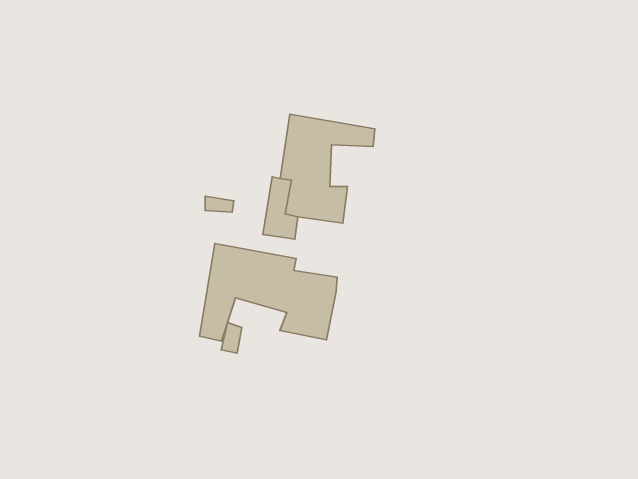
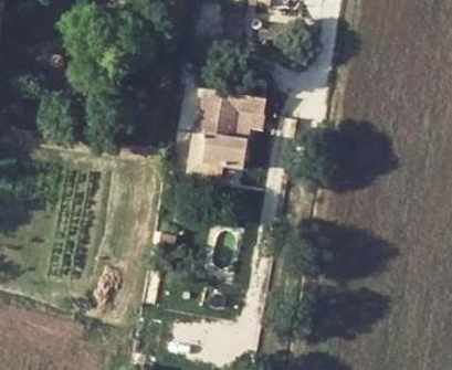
building: [199,244,337,341] -> none

